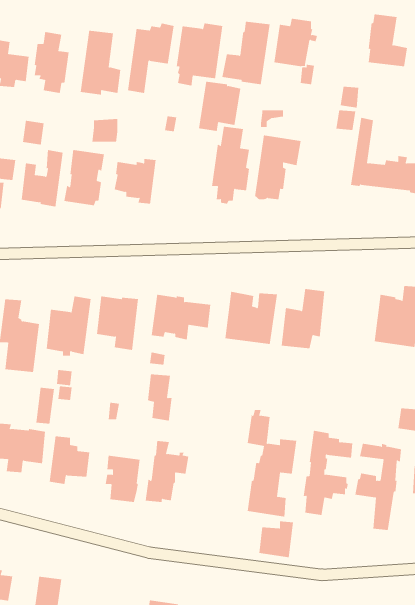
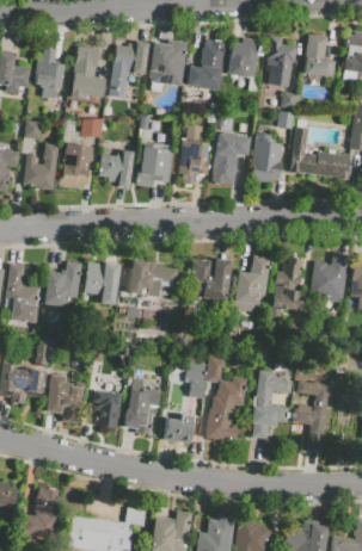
building: none -> [265,36,296,87]
building: [198,81,241,131] -> [136,147,171,187]
building: none -> [249,134,282,182]
building: none -> [270,256,301,316]
building: [147,374,172,421] -> [185,360,205,398]
building: [258,521,294,558] -> [164,414,192,444]

